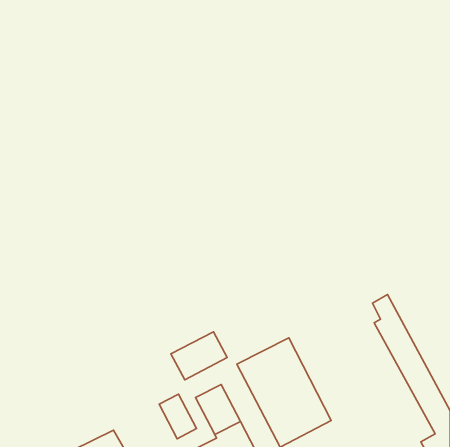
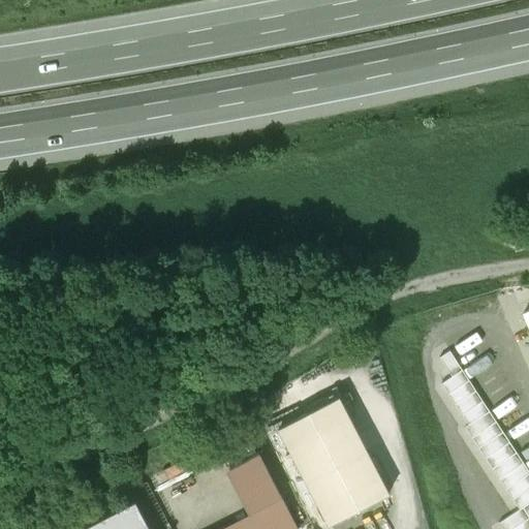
building: [171,332,227,380] -> none
building: [159,394,196,439] -> none

